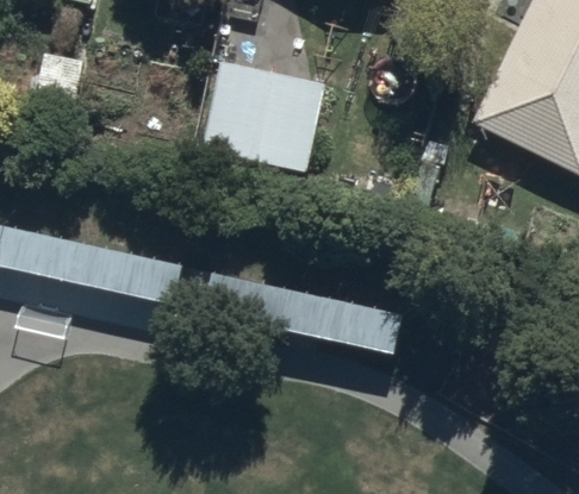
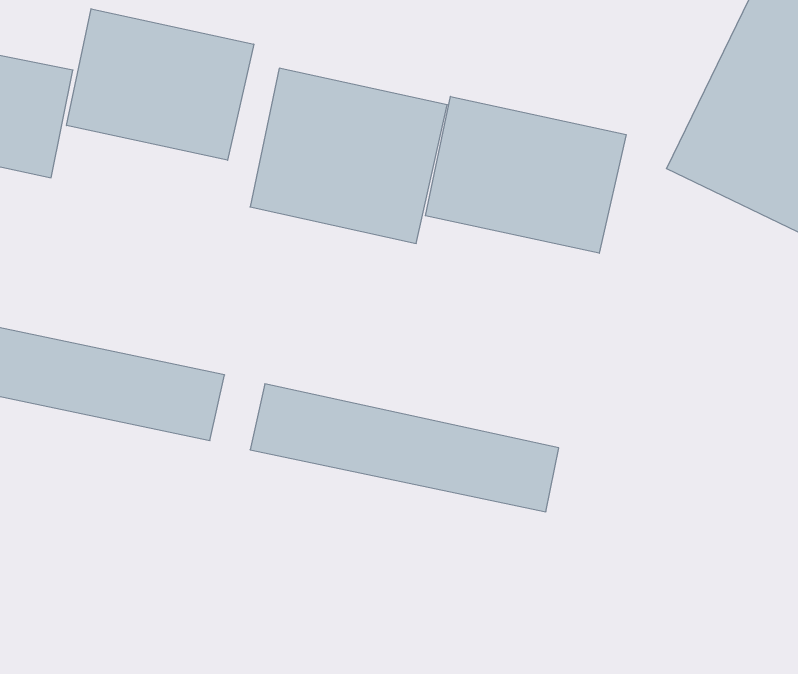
building: none -> [67,9,254,160]
building: none -> [425,96,626,253]

